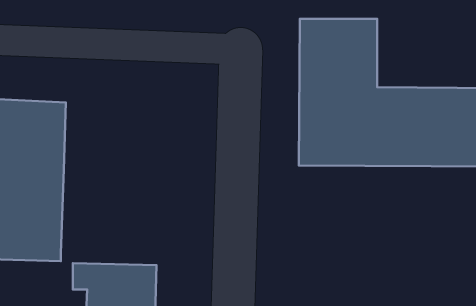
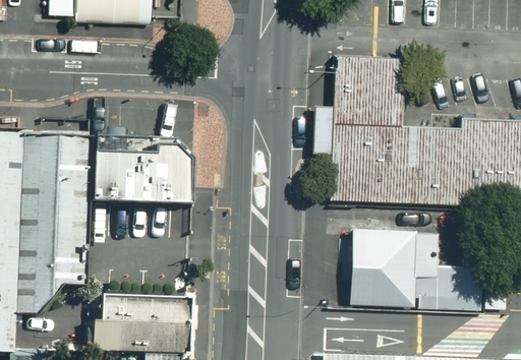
building: none -> [91,133,192,204]
building: none -> [349,230,484,311]

